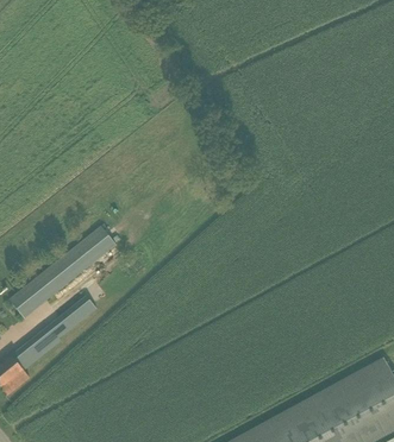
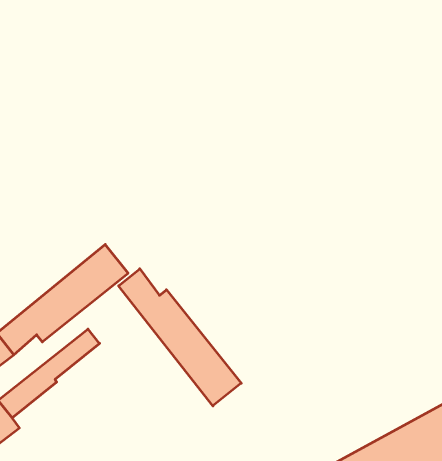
building: none -> [119,269,241,406]

